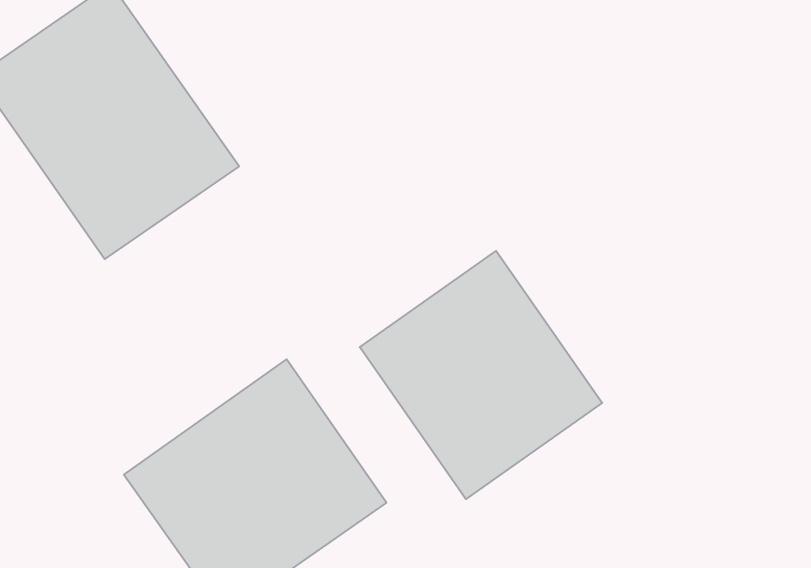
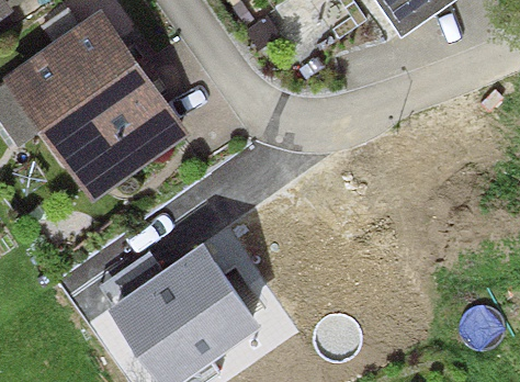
building: [360,251,602,499] -> none

